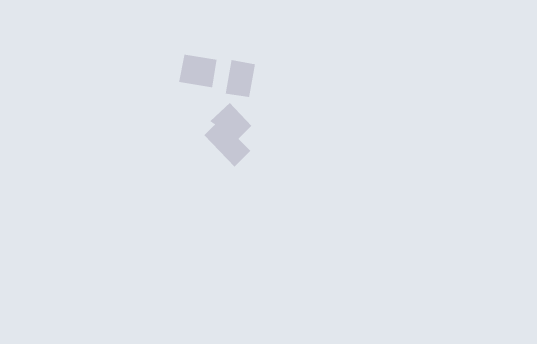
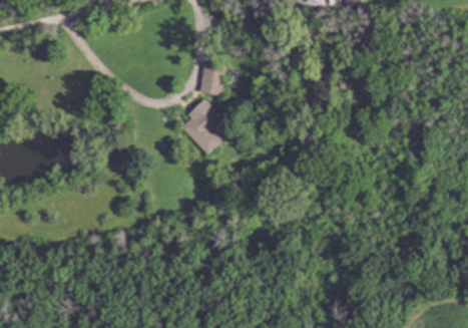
building: [179,54,217,88] -> none

